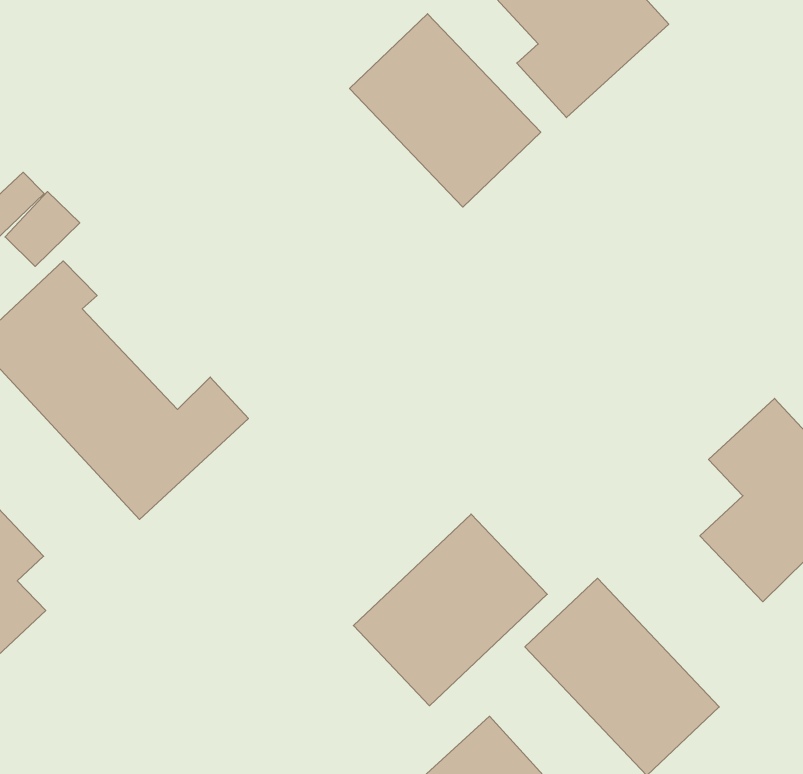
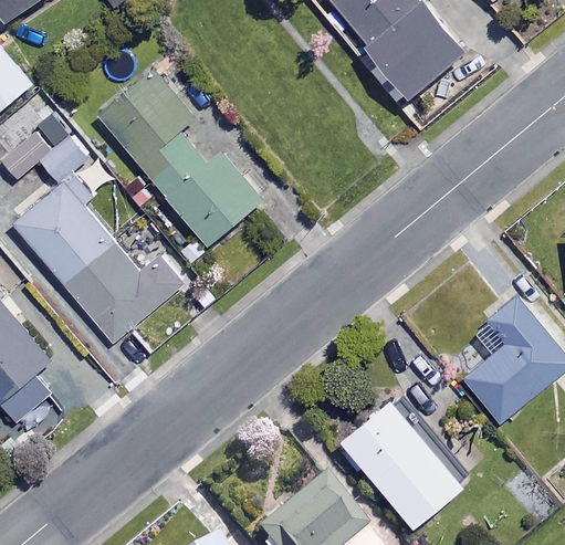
building: [350,14,541,207] -> none
building: none -> [85,70,263,244]
building: [353,514,547,706] -> none

